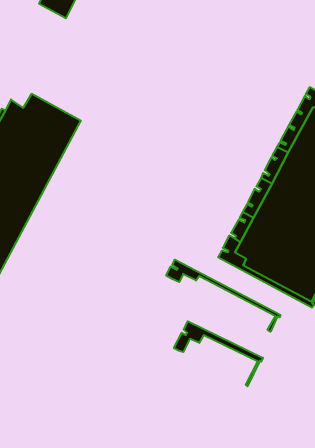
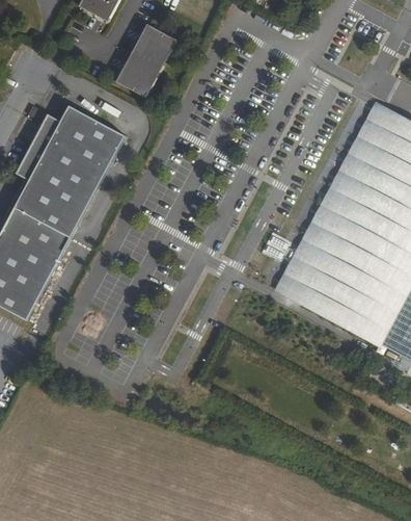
building: none -> [113,24,175,99]
building: [166,260,280,332] -> none
building: [174,321,263,386] -> none

